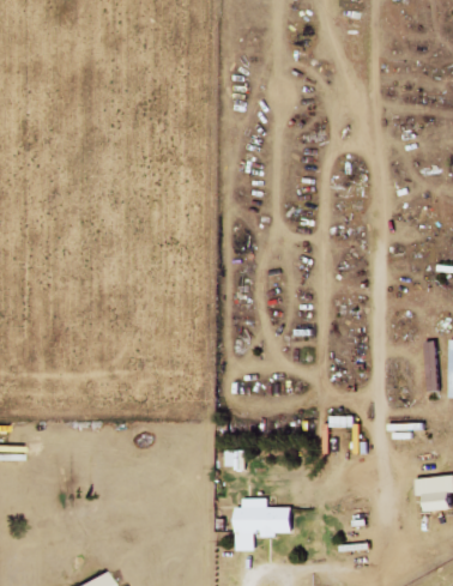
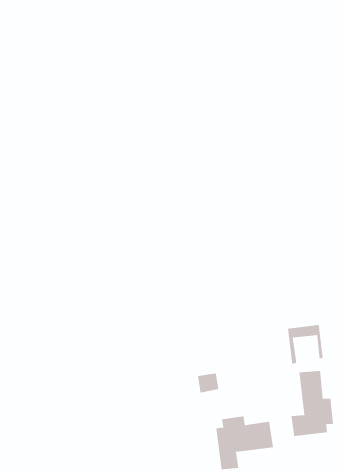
building: none -> [291,370,333,437]

